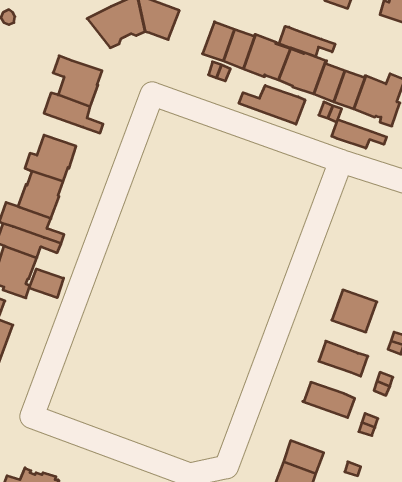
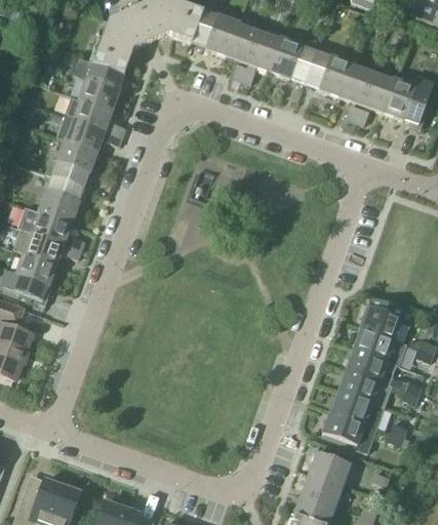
building: none -> [192,11,239,55]
building: none -> [93,19,132,73]
building: [279,26,335,57] -> none
building: [239,85,305,124] -> none
building: none -> [57,116,122,150]
building: [332,119,387,148] -> none
building: [29,269,64,298] -> none
building: none -> [353,327,406,365]
building: none -> [337,369,392,407]
building: none -> [321,410,375,452]

